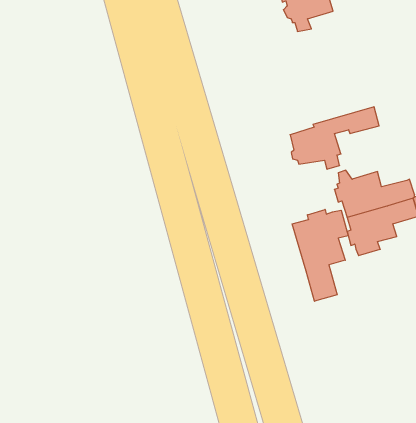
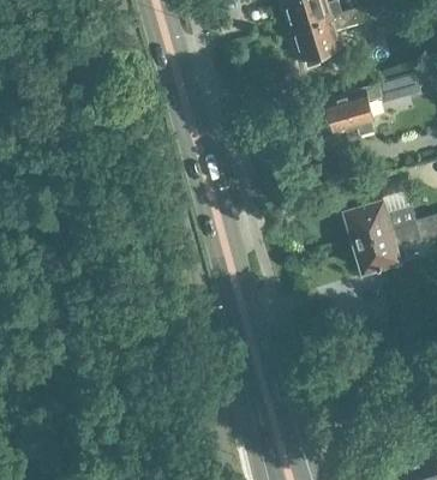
building: [290,107,379,169] -> [324,79,408,138]
building: [292,209,348,301] -> none

